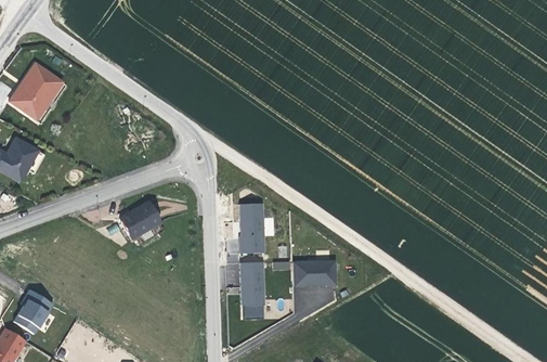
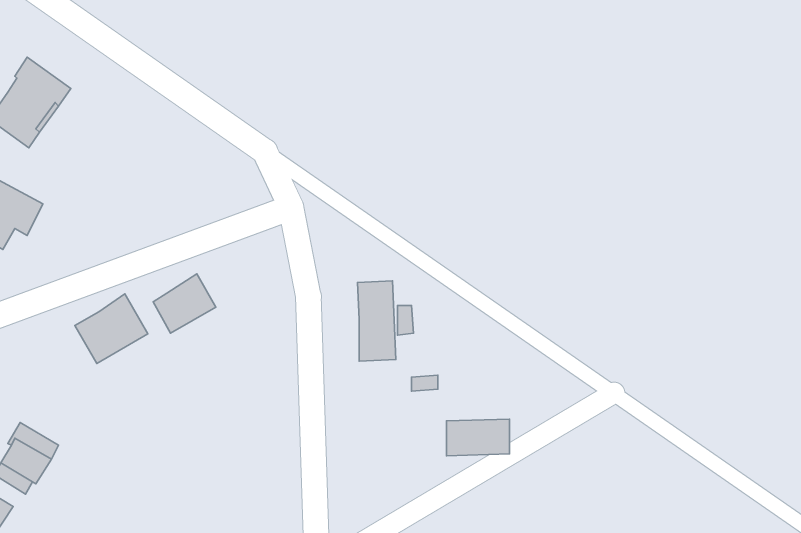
building: none -> [75,294,148,364]
building: [238,261,262,303] -> none
building: [291,261,335,284] -> none

